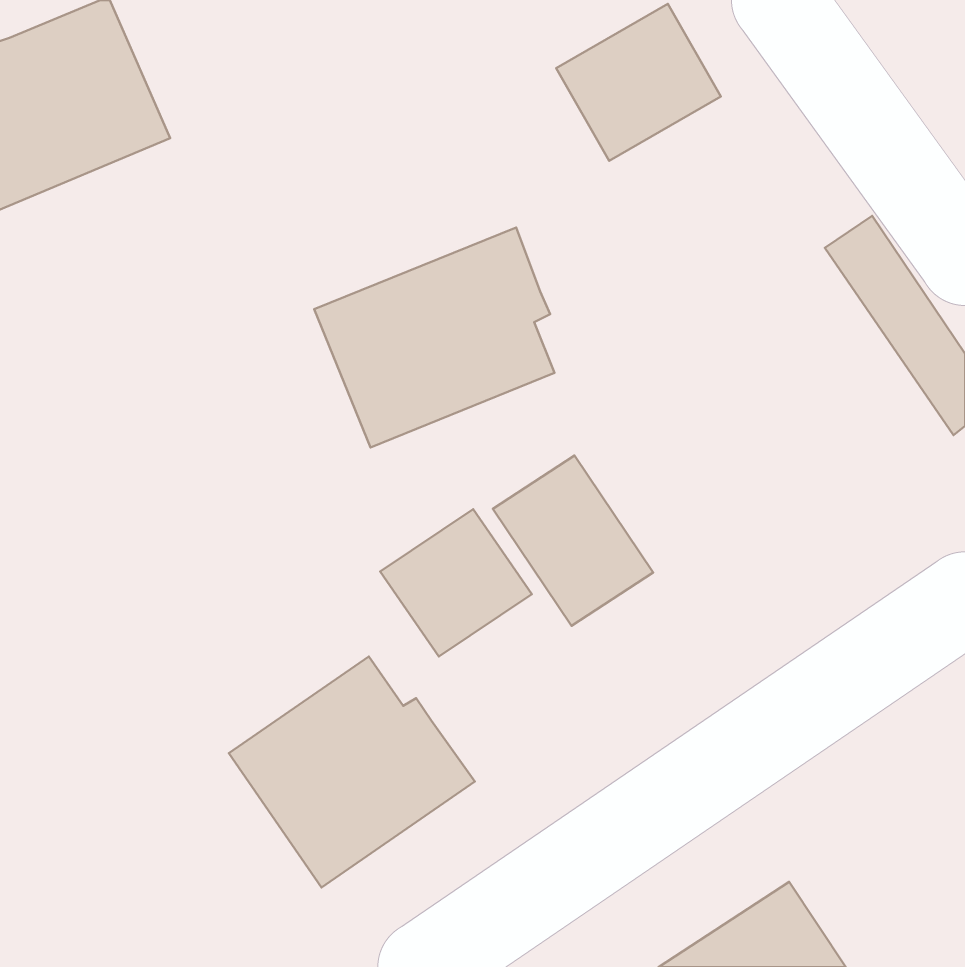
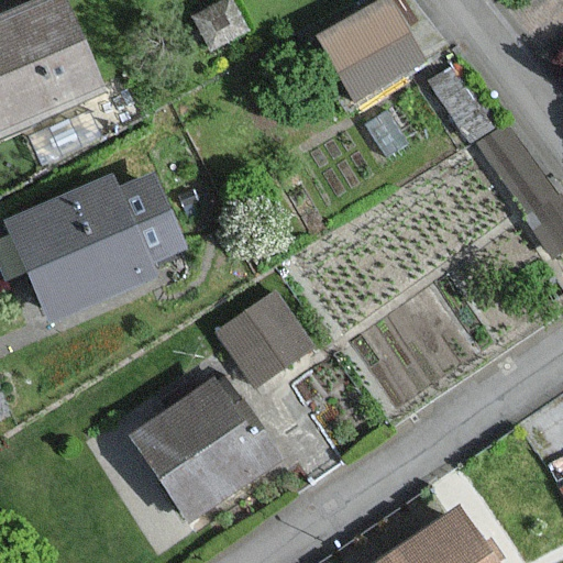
building: [314,227,555,448] -> none
building: none -> [11,177,183,313]
building: [493,455,653,626] -> none

